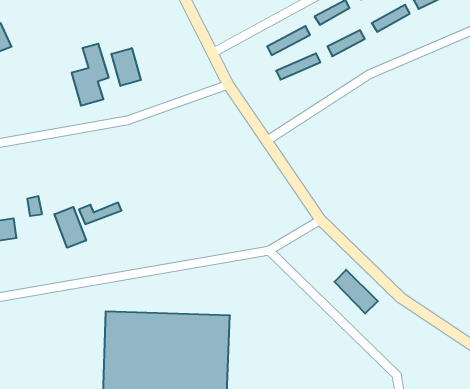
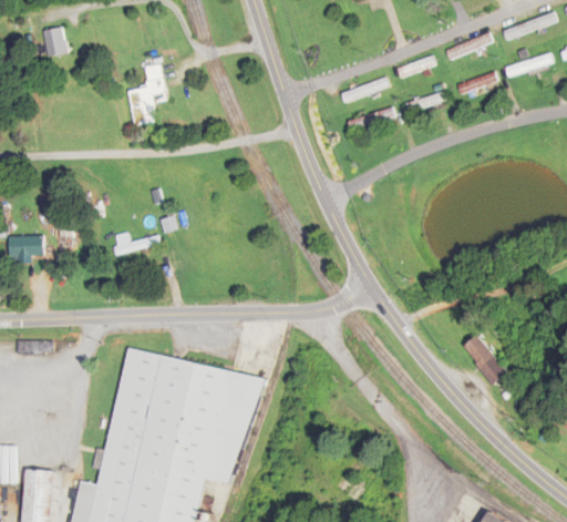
building: [111,48,141,86] -> none
building: [54,207,86,248] -> none
building: [334,270,378,313] -> [463,336,506,386]

